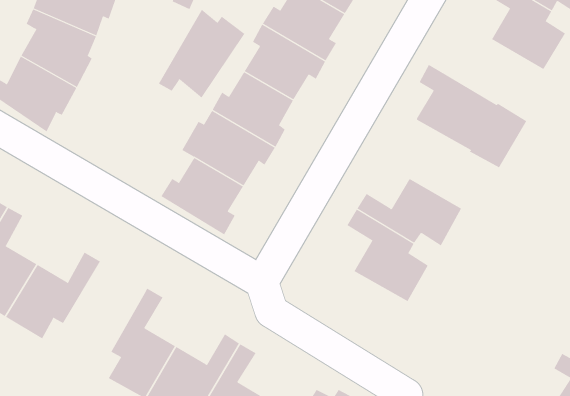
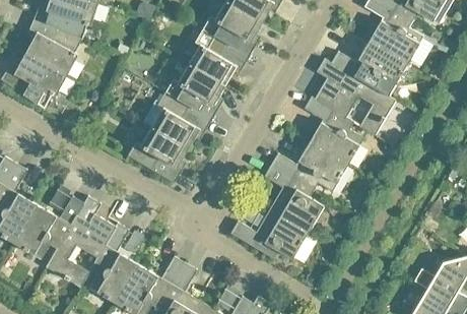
building: [158,9,245,99] -> none
building: none -> [330,40,407,88]
building: none -> [304,96,363,164]
building: none -> [45,195,115,287]
building: none -> [229,209,308,259]

